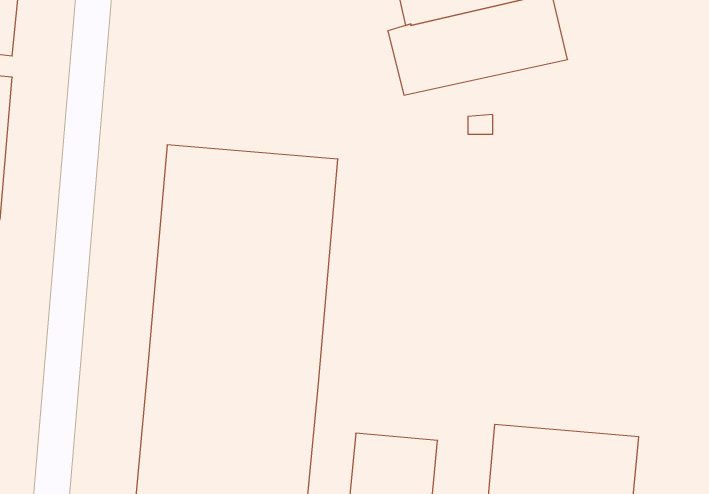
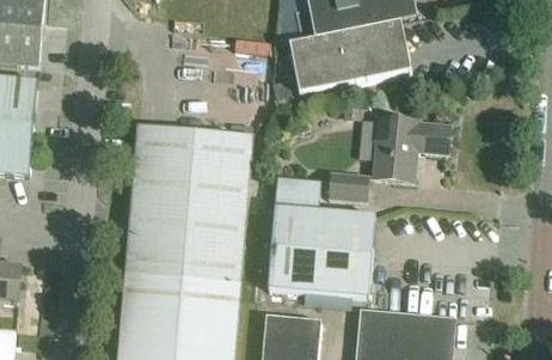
building: none -> [372,116,452,182]
building: none -> [326,171,367,201]
building: none -> [269,182,376,300]

